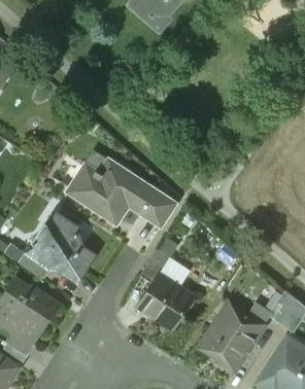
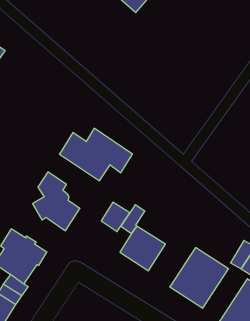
building: [141,192,174,226] -> [101,202,130,232]
building: [19,245,49,278] -> none

